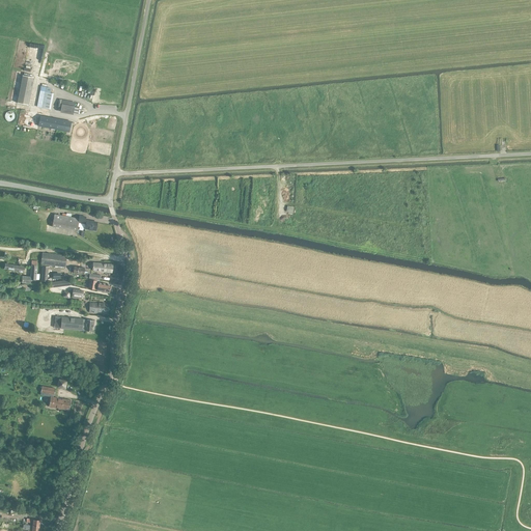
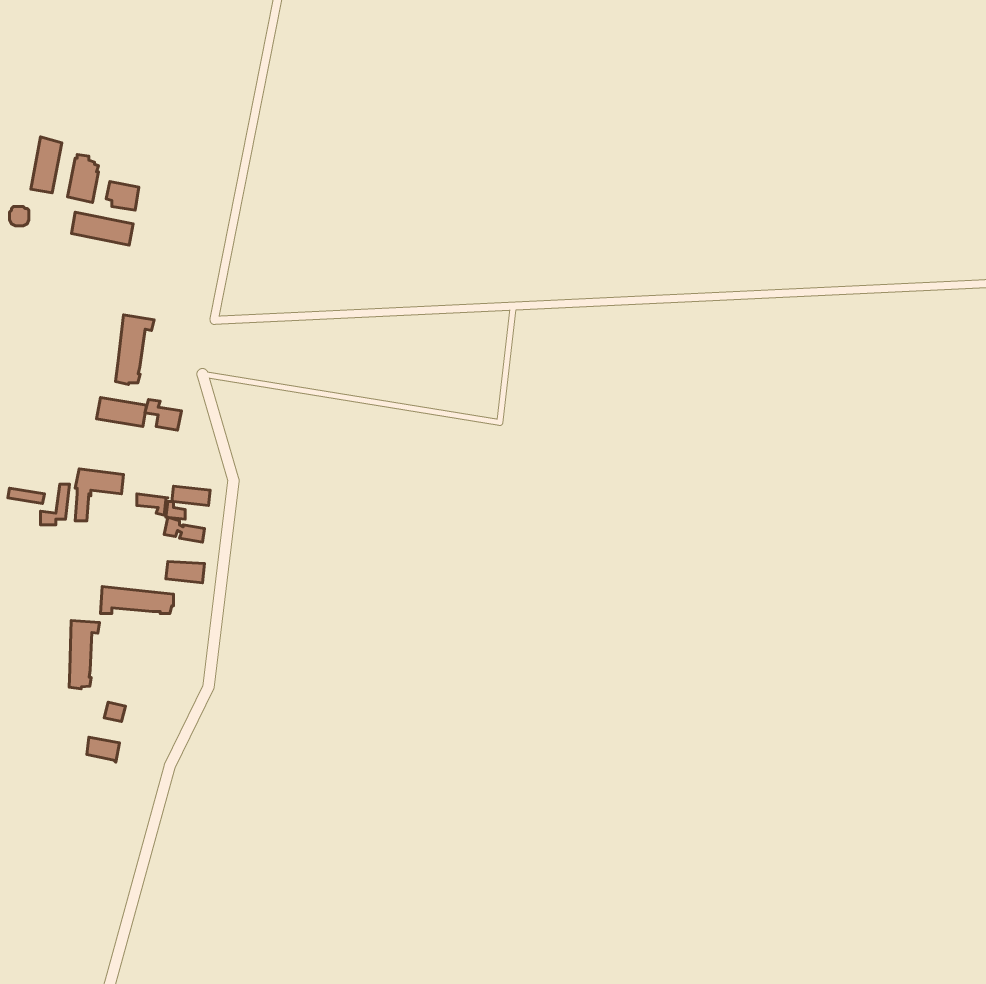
building: none -> [116,315,154,384]
building: none -> [69,621,100,689]

